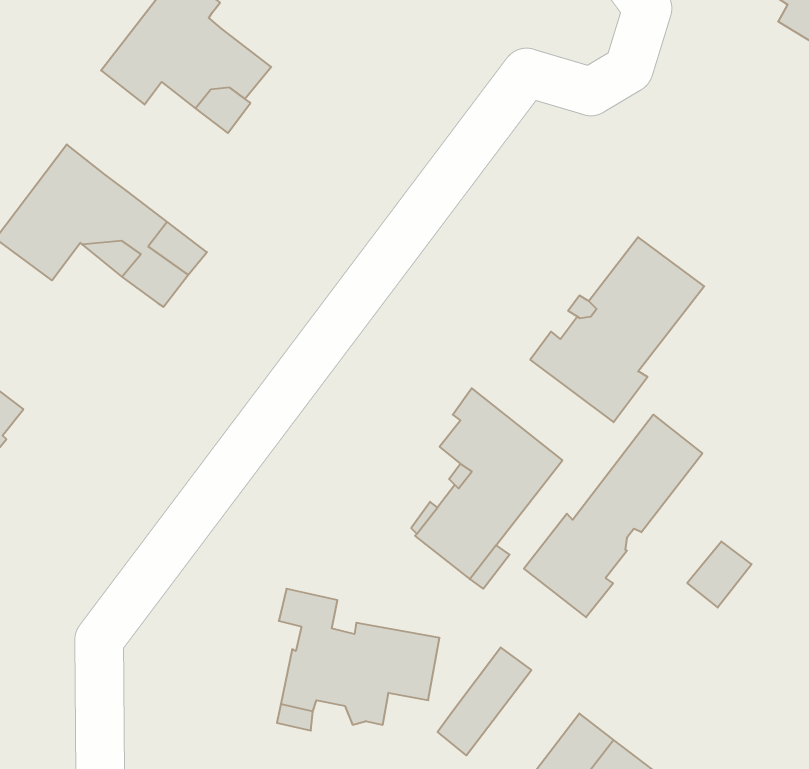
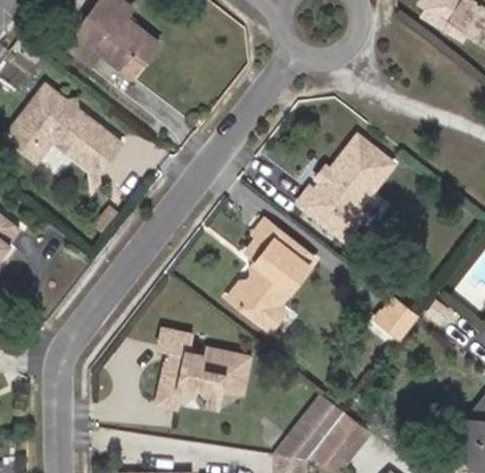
building: [524,415,702,617] -> none
building: [438,647,531,755] -> none

